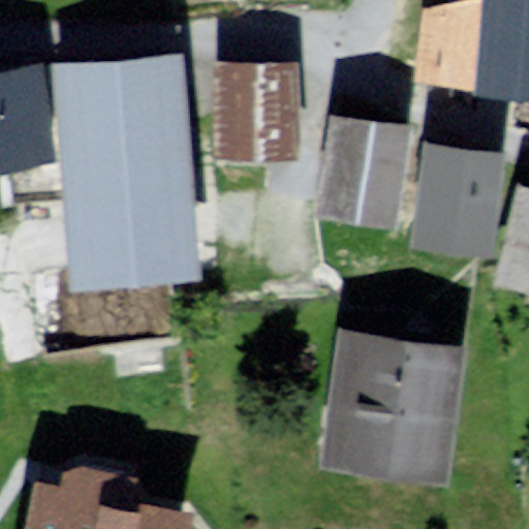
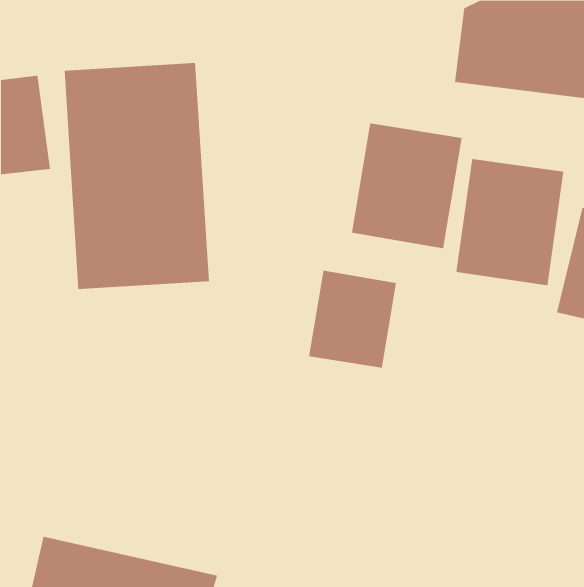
building: [208,59,297,158] -> none
building: none -> [308,270,396,369]
building: [322,334,466,483] -> none

